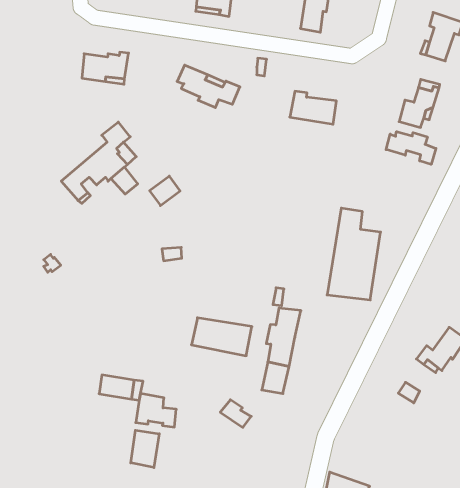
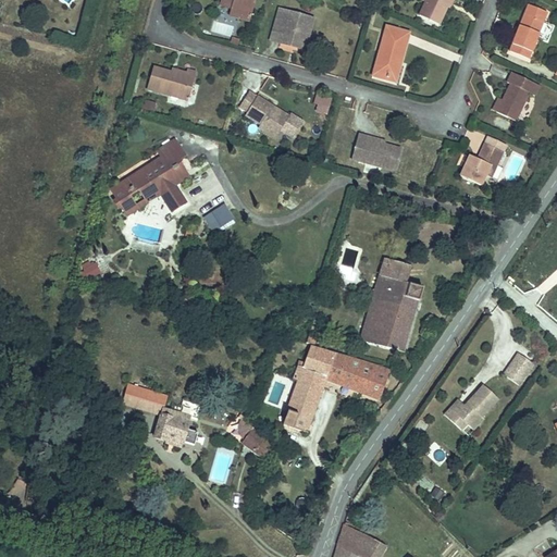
building: [386,132,436,164] -> none
building: [191,318,252,356] -> [325,351,388,396]
building: [131,430,159,468] -> none

